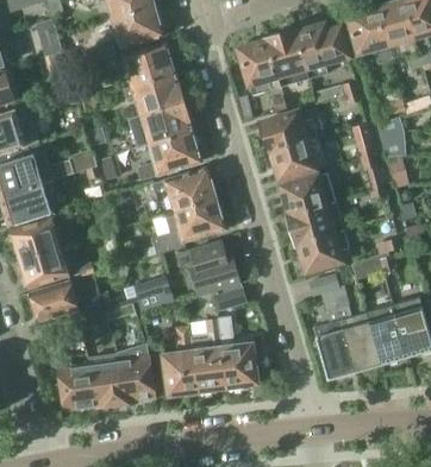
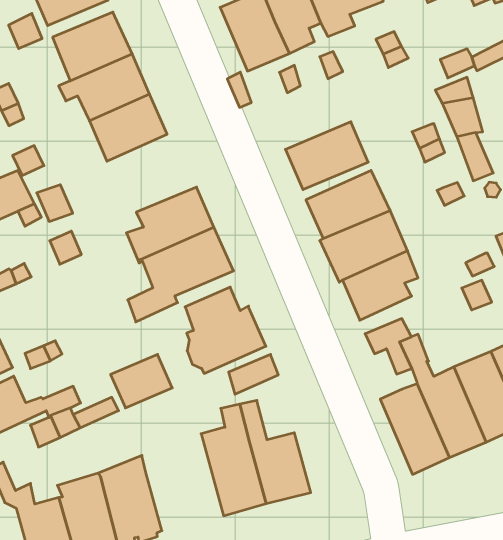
building: [260,109,317,151] -> none
building: [137,130,201,179] -> none
building: [162,324,198,395] -> none

